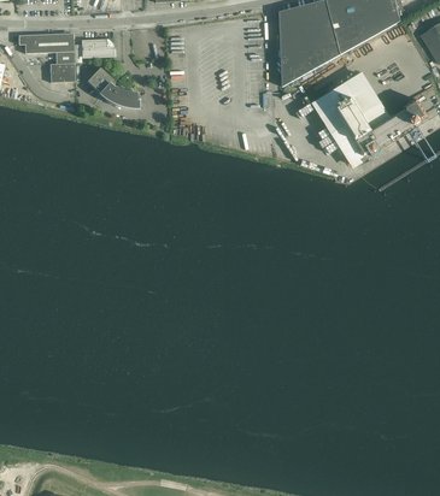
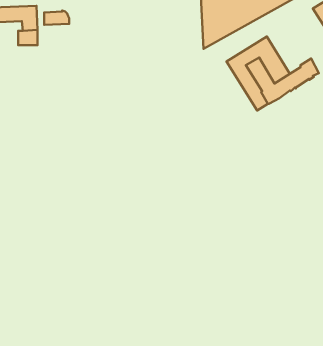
building: [87,67,139,110] -> none

